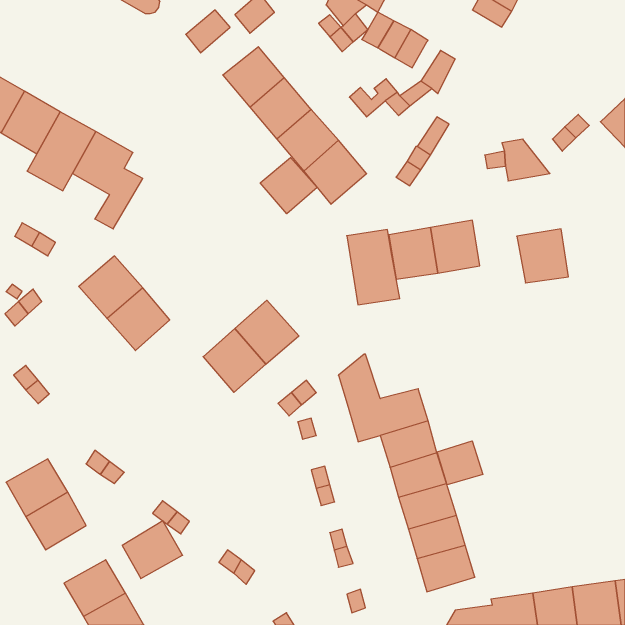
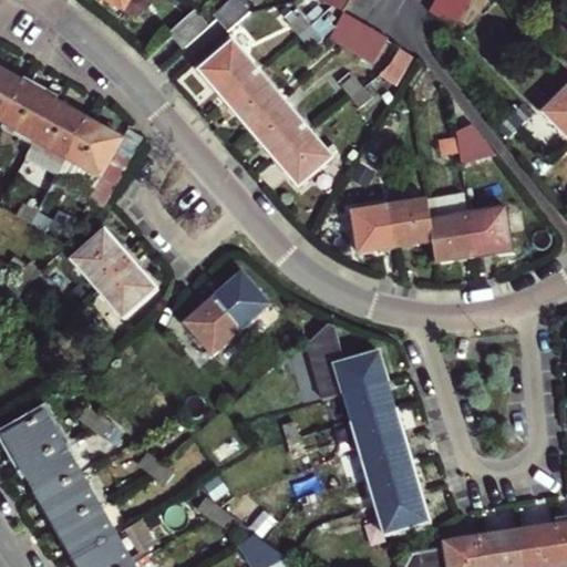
building: [260,158,317,214] -> none
building: [347,230,400,305] -> [425,193,473,260]
building: [437,441,483,485] -> none
building: [122,521,183,579] -> [41,473,95,525]

